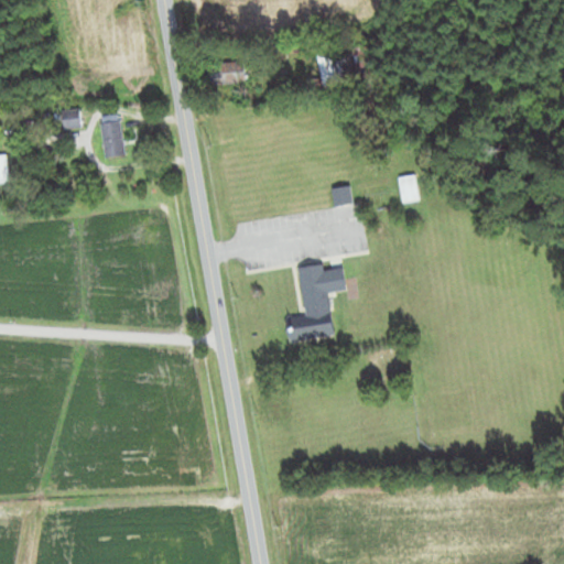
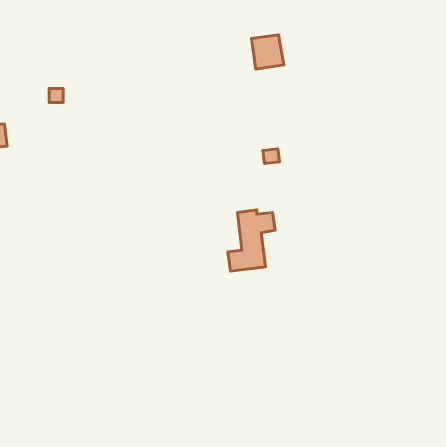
building: [215,64,238,85] -> none
building: [101,122,123,159] -> none
building: [395,176,417,204] -> none

